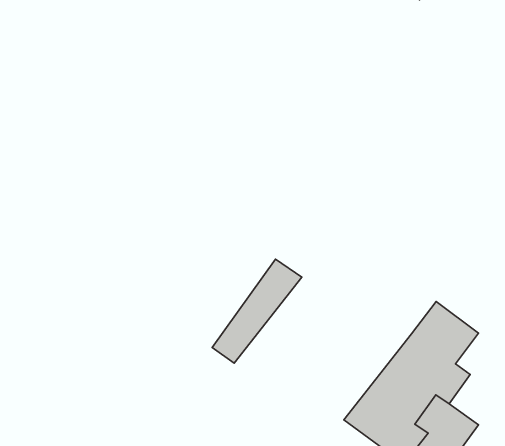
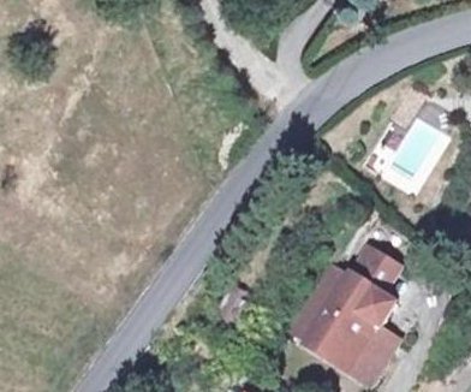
building: [212,259,302,363] -> [290,262,354,345]

